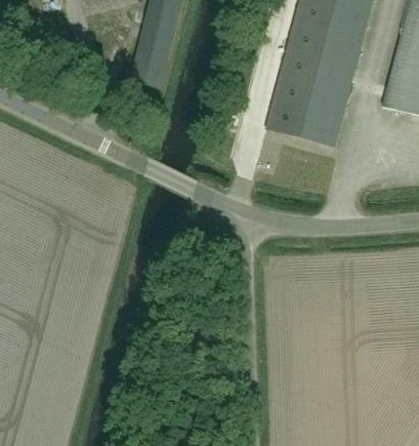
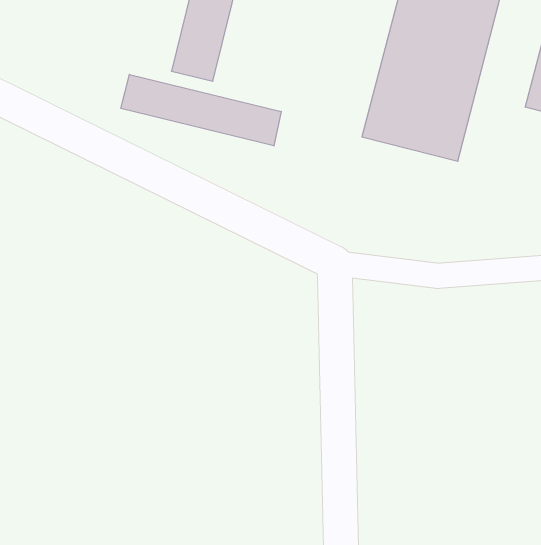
building: none -> [121,74,281,146]

